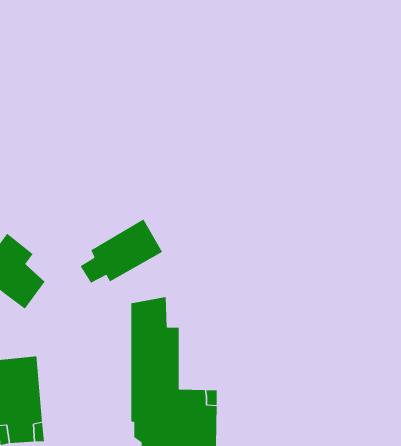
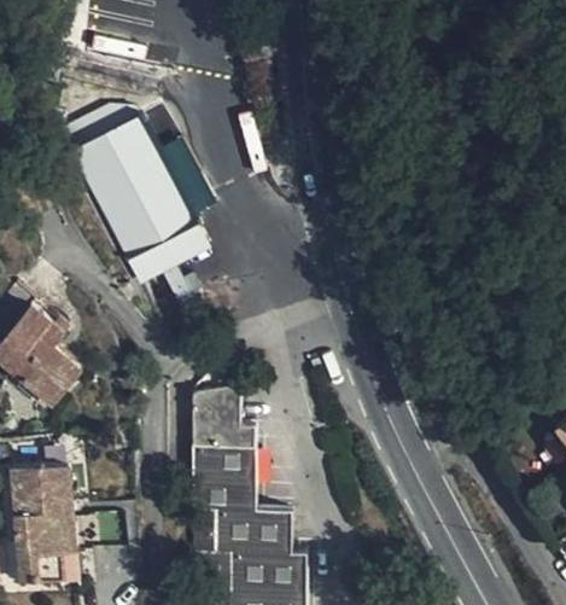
building: none -> [59,110,209,281]
building: [80,219,163,283] -> none

